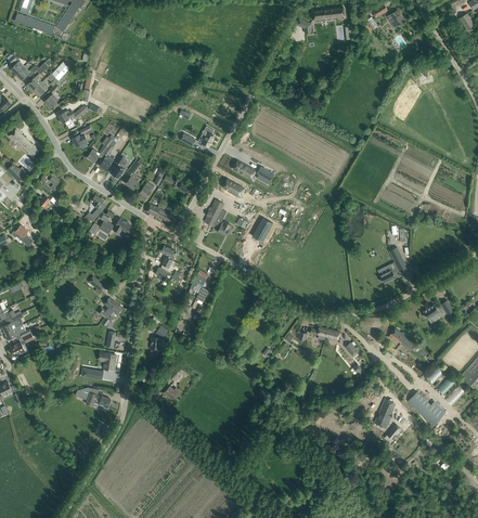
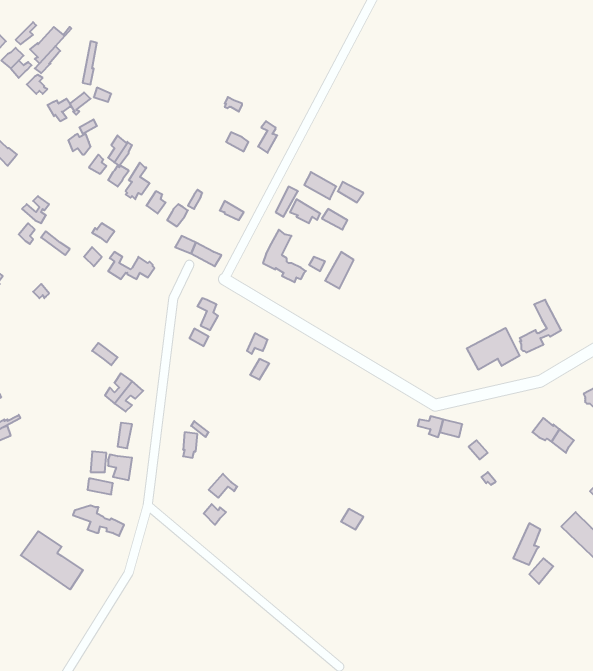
building: none -> [467,328,520,370]
building: none -> [21,531,83,589]

